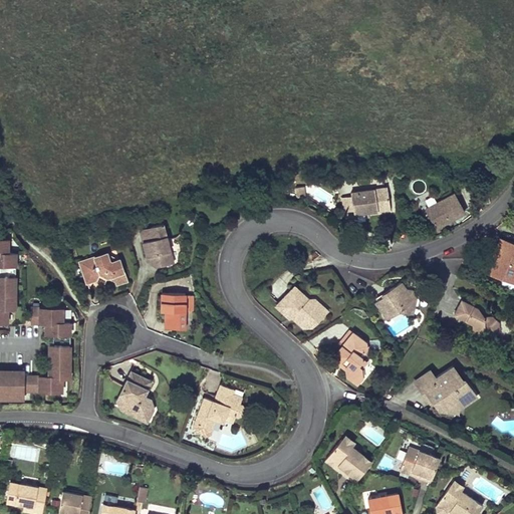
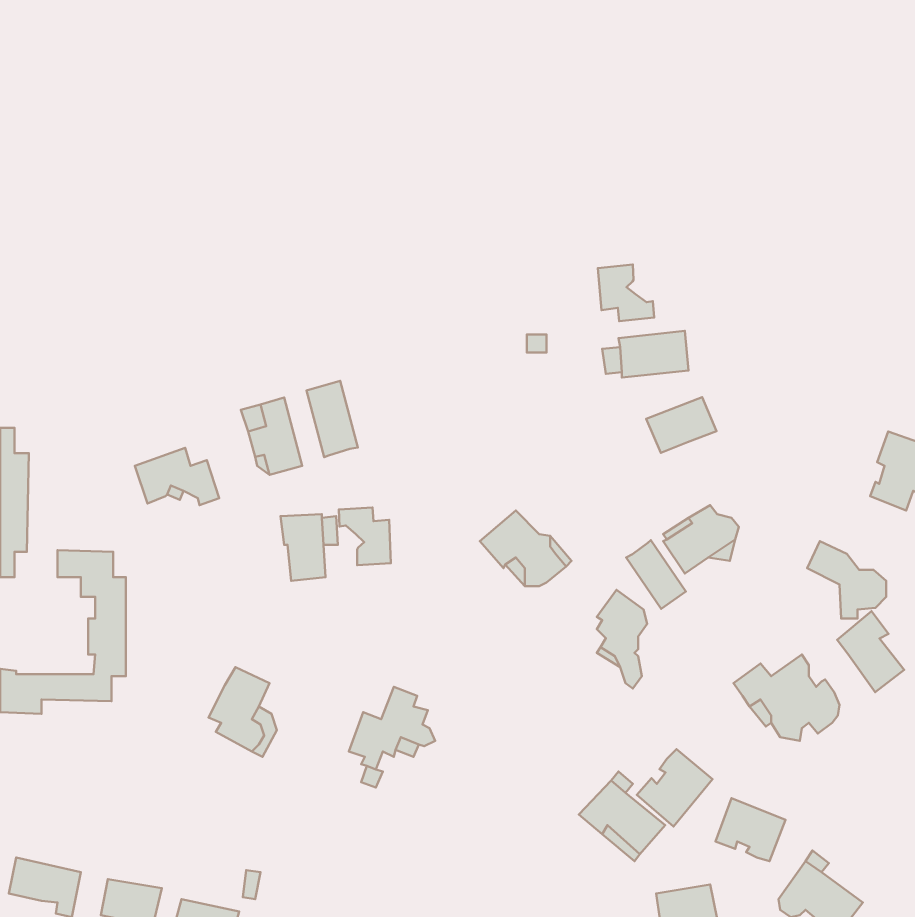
building: none -> [598,264,654,321]
building: [418,202,457,233] -> [646,397,716,453]
building: none -> [307,381,358,457]
building: none -> [339,507,391,565]
building: none -> [626,540,686,609]
building: none -> [837,611,904,692]
building: none -> [637,749,712,826]

